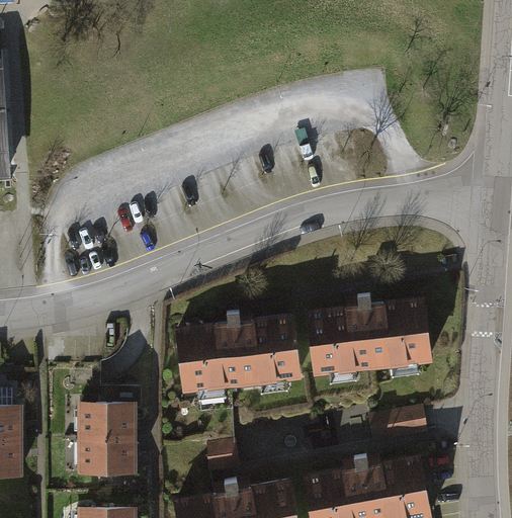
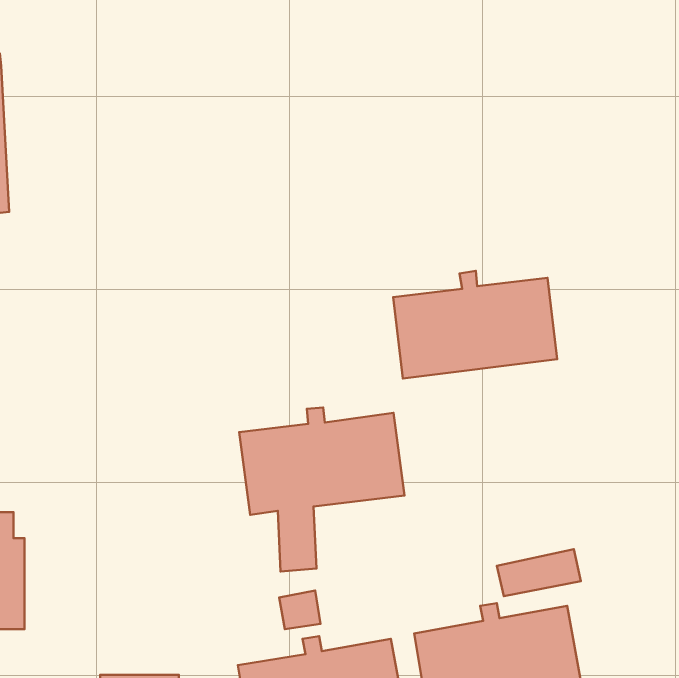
building: [310,294,430,373] -> [393,271,557,378]
building: [77,387,142,488] -> none

